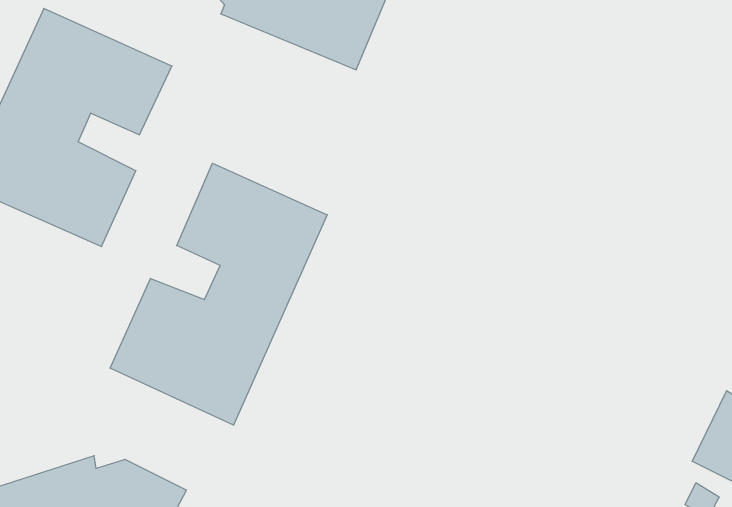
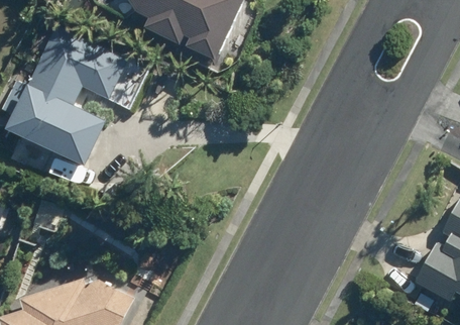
building: [110,163,327,425] -> none

